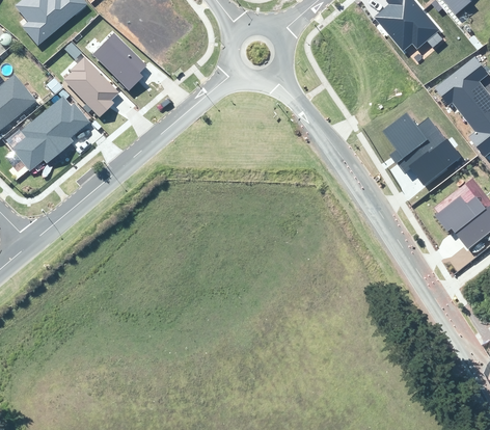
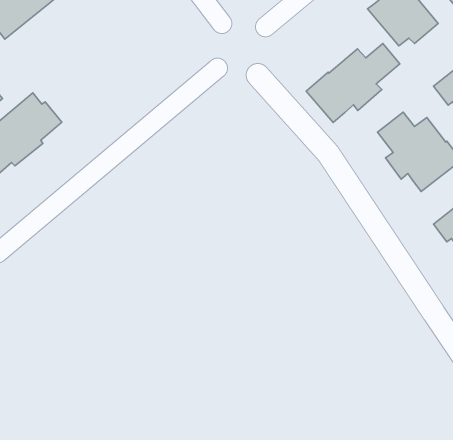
building: [92,33,147,91] -> none
building: none -> [306,43,400,123]
building: [63,58,120,125] -> none

